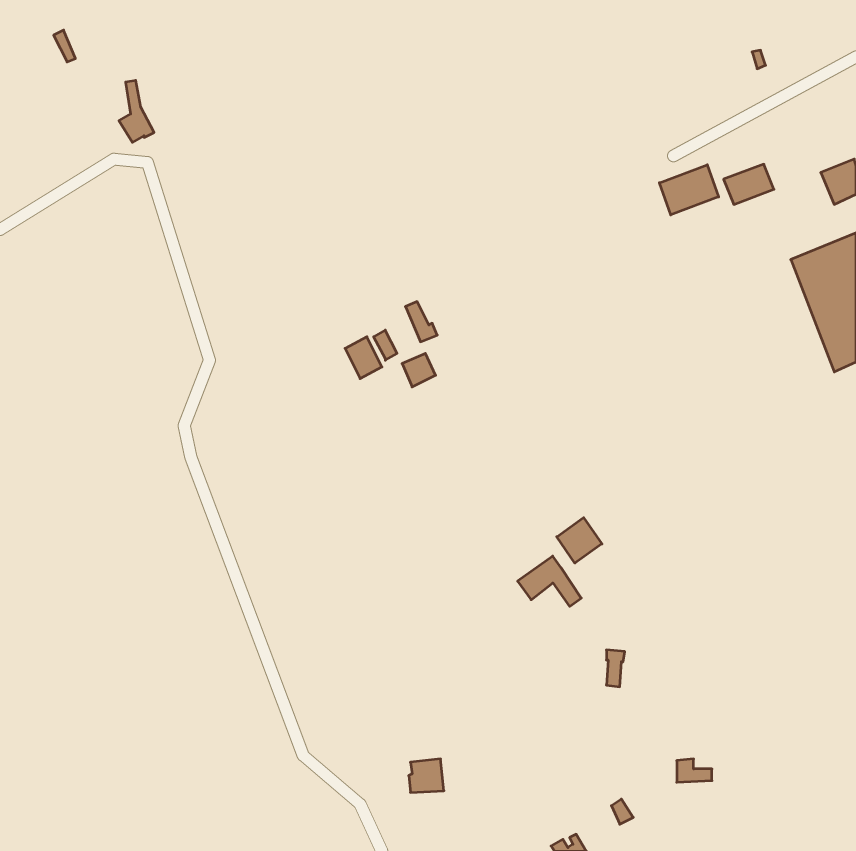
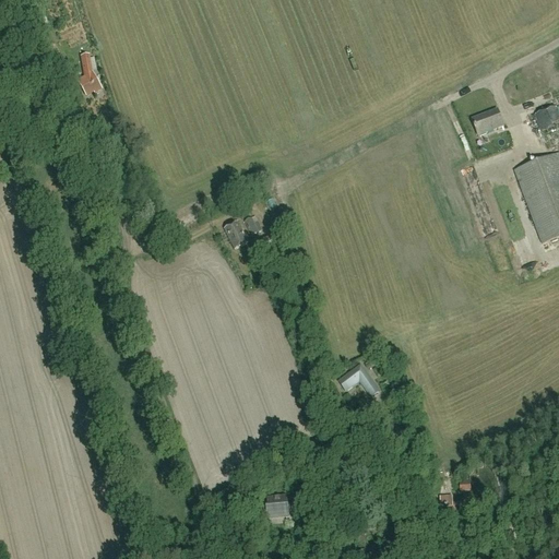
building: [659,165,719,215] -> none
building: [557,518,602,563] -> none

